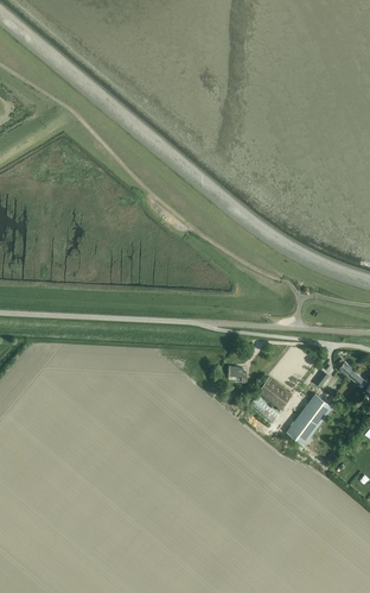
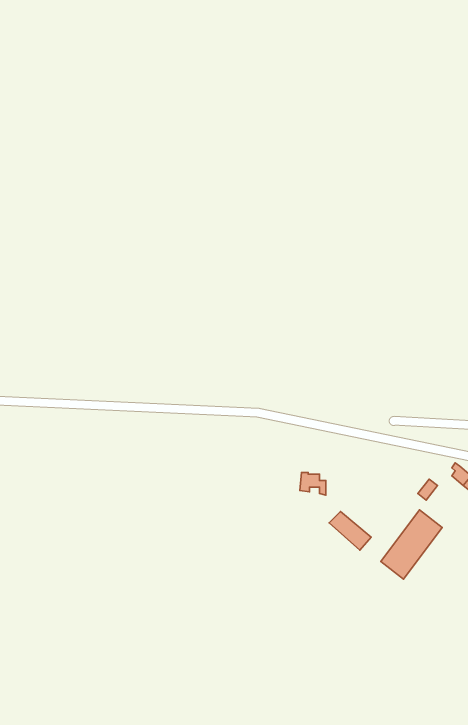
building: [257,377,292,409] -> none

